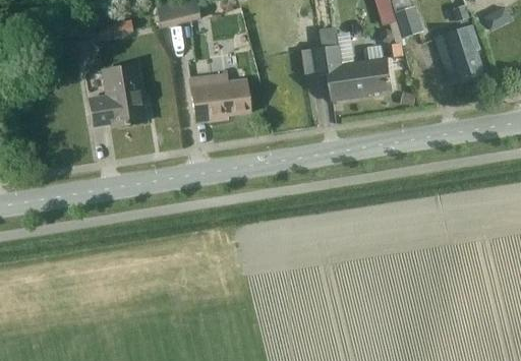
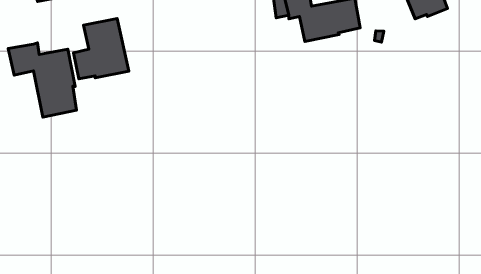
building: [190,73,250,121] -> none
building: none -> [8,43,77,117]

